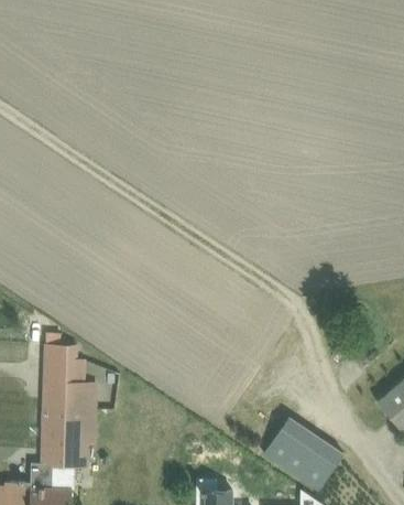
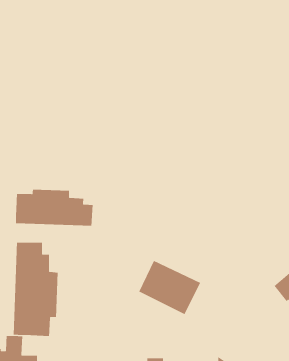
building: none -> [15,189,94,227]
building: [259,420,339,491] -> [138,260,201,315]

